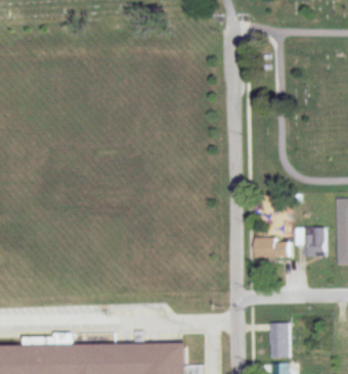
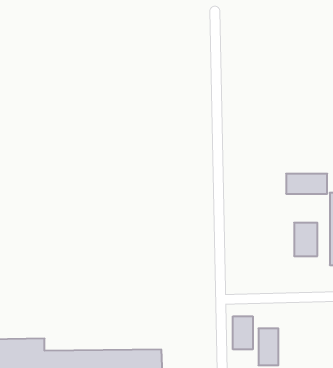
building: [253,239,291,257] -> [286,174,327,194]
building: none -> [233,316,253,349]

